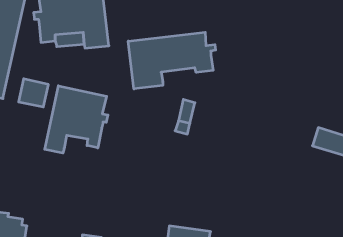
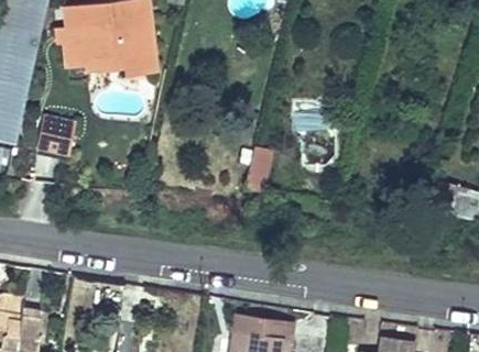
building: [128,32,216,89] -> none
building: [45,86,108,153] -> none

